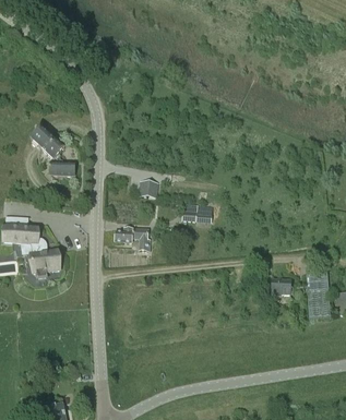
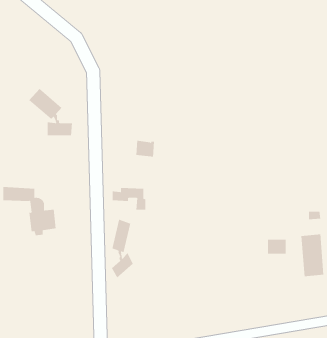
building: [182,204,213,223] -> none
building: none -> [111,219,133,278]

